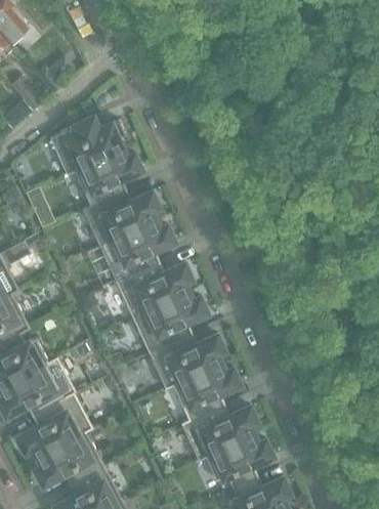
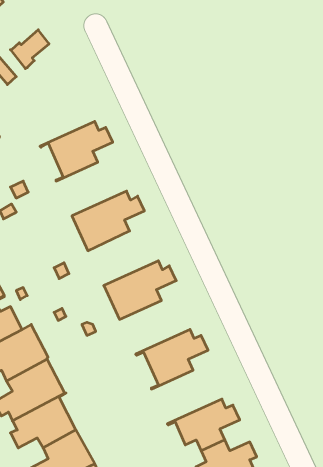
building: [50,119,126,175] -> none
building: [83,192,159,247] -> none
building: [116,262,192,319] -> none
building: [149,334,224,389] -> none
building: [181,406,257,461] -> none

